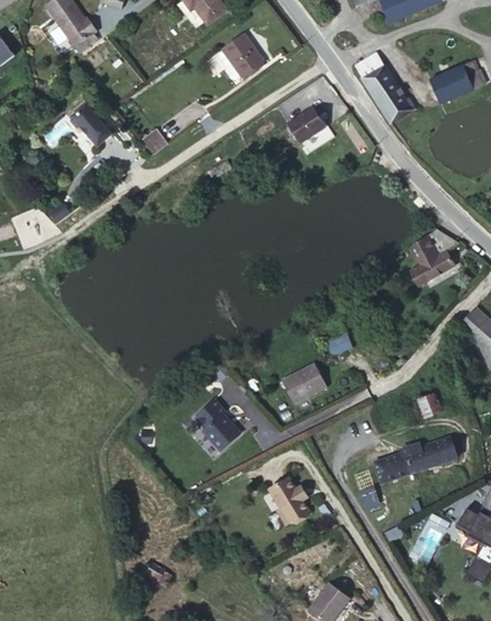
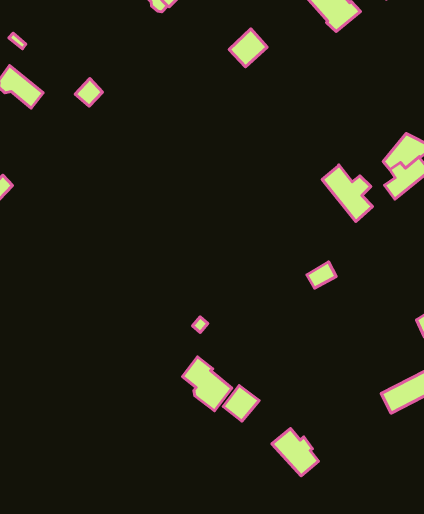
building: none -> [322,165,373,221]
building: [281,361,326,401] -> none
building: none -> [223,385,259,421]

